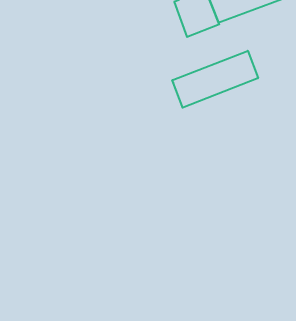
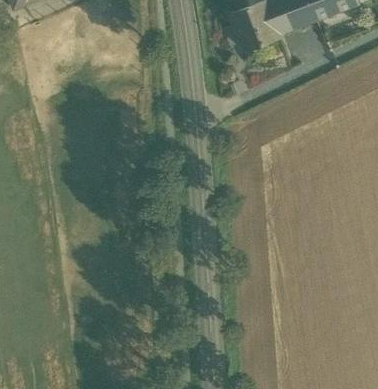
building: [172,51,258,108] -> none

